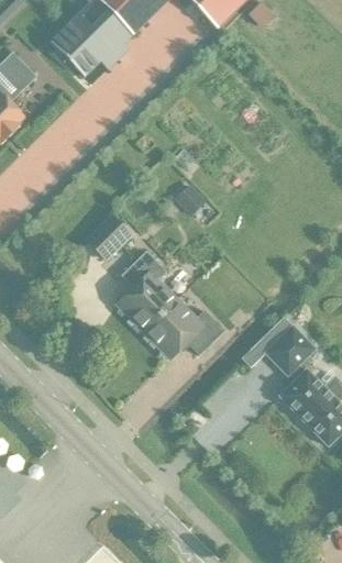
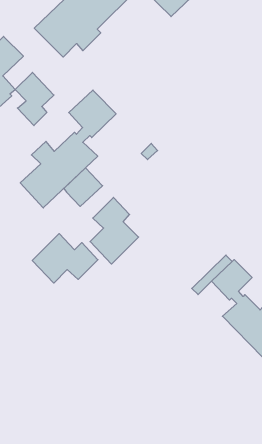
building: none -> [15,72,54,126]
building: none -> [20,90,116,208]
building: [143,298,223,358] -> [32,234,98,283]

